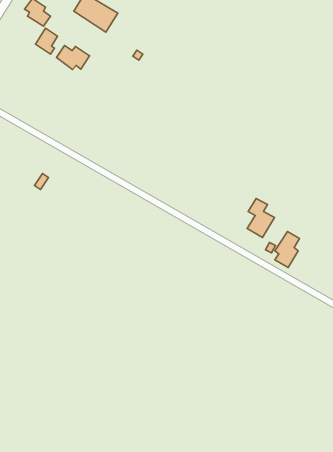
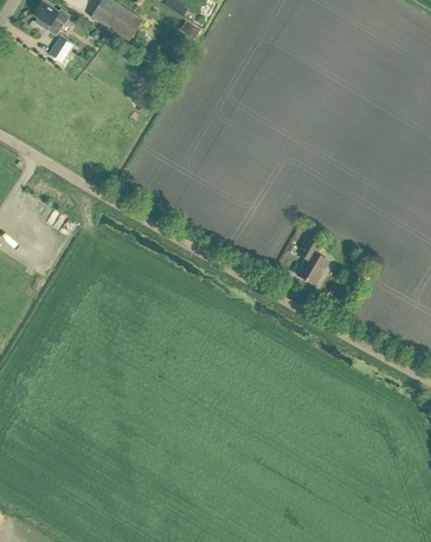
building: [56,46,90,69] -> none
building: [275,231,299,267] -> none

